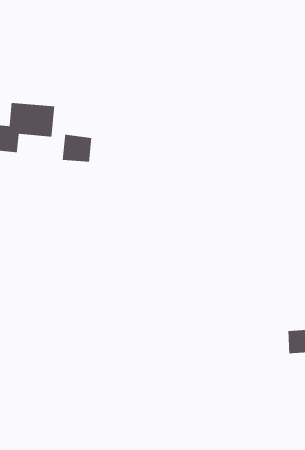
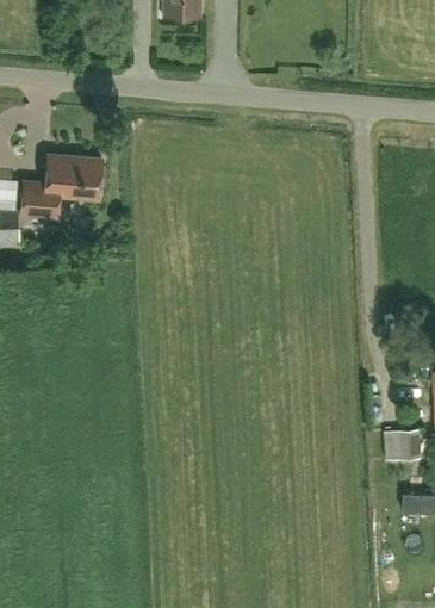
building: [62,134,92,163] -> none

